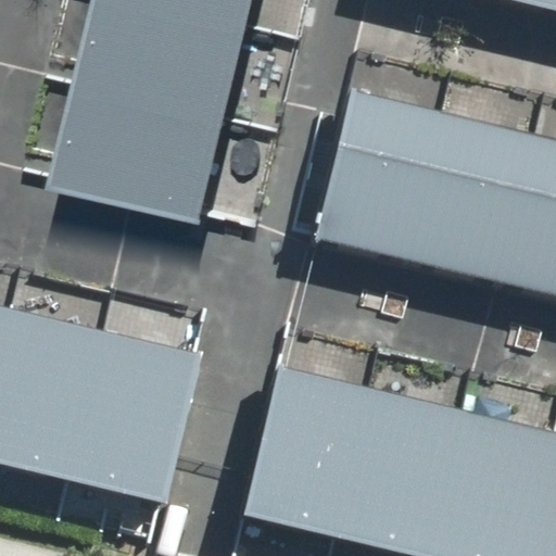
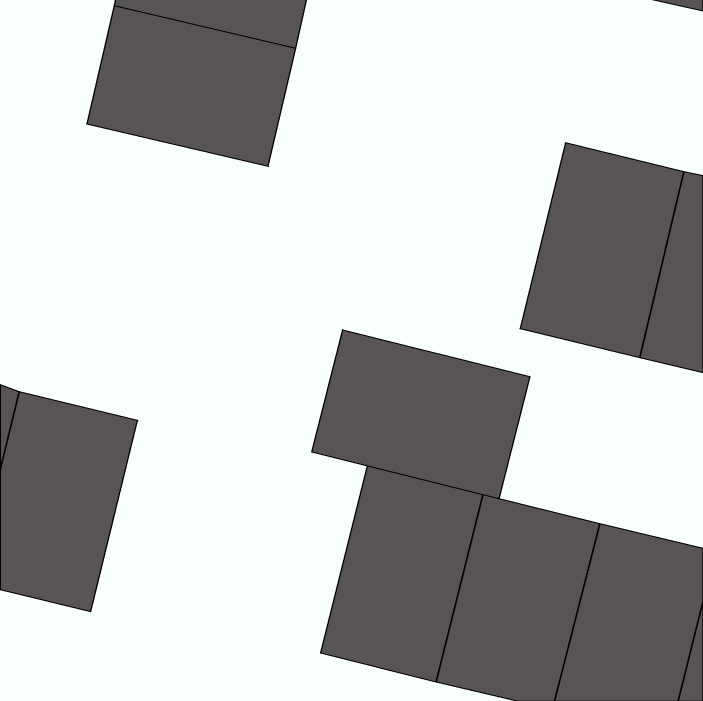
building: [317,90,446,260] -> none
building: [47,98,212,225] -> none
building: none -> [312,330,530,499]
building: [72,332,203,507] -> none

